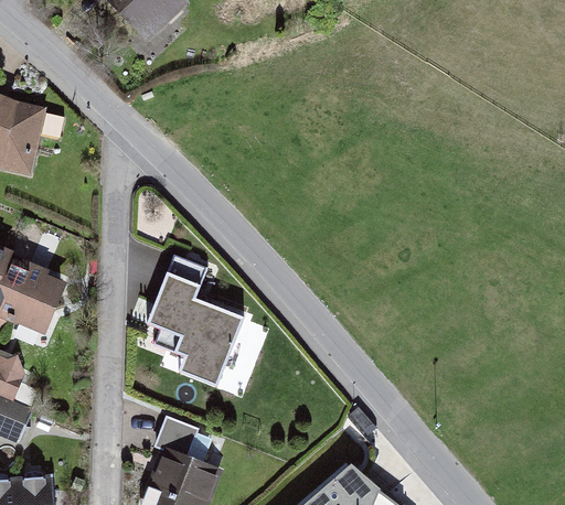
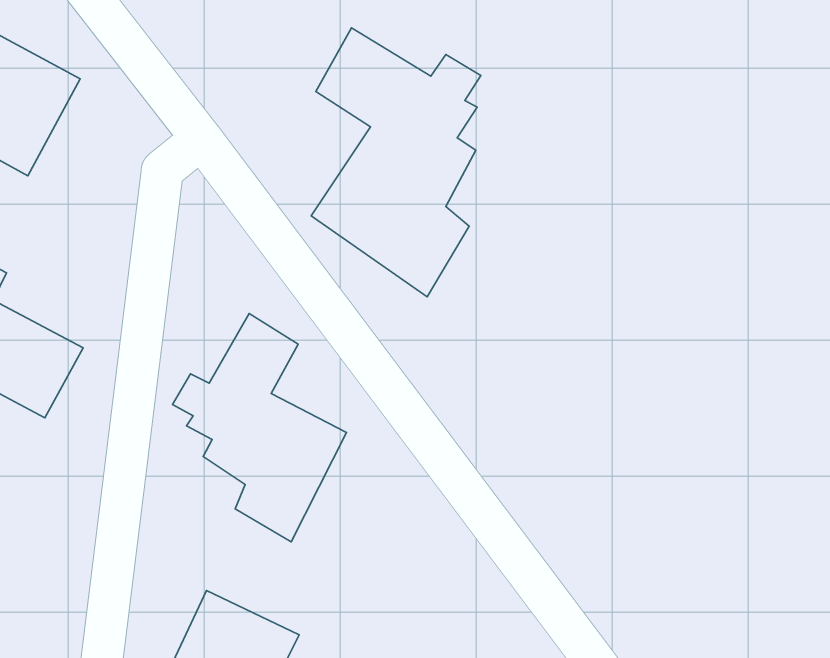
building: none -> [311,28,481,297]

